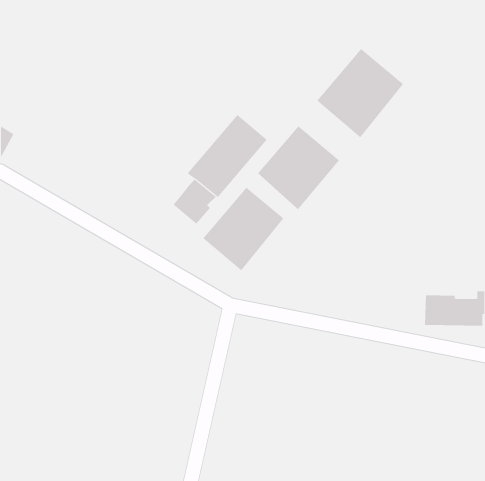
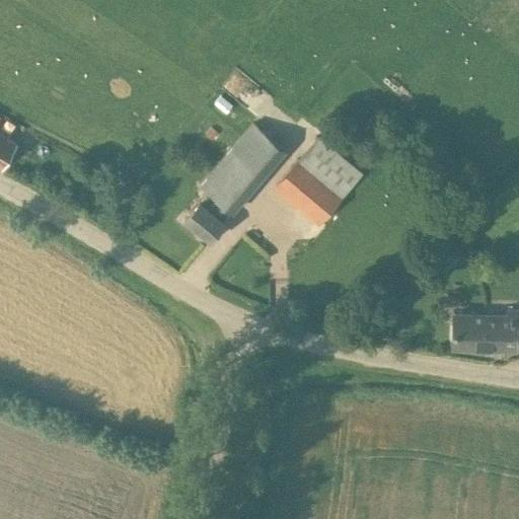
building: [316,48,404,138] -> none
building: [203,187,284,271] -> none

